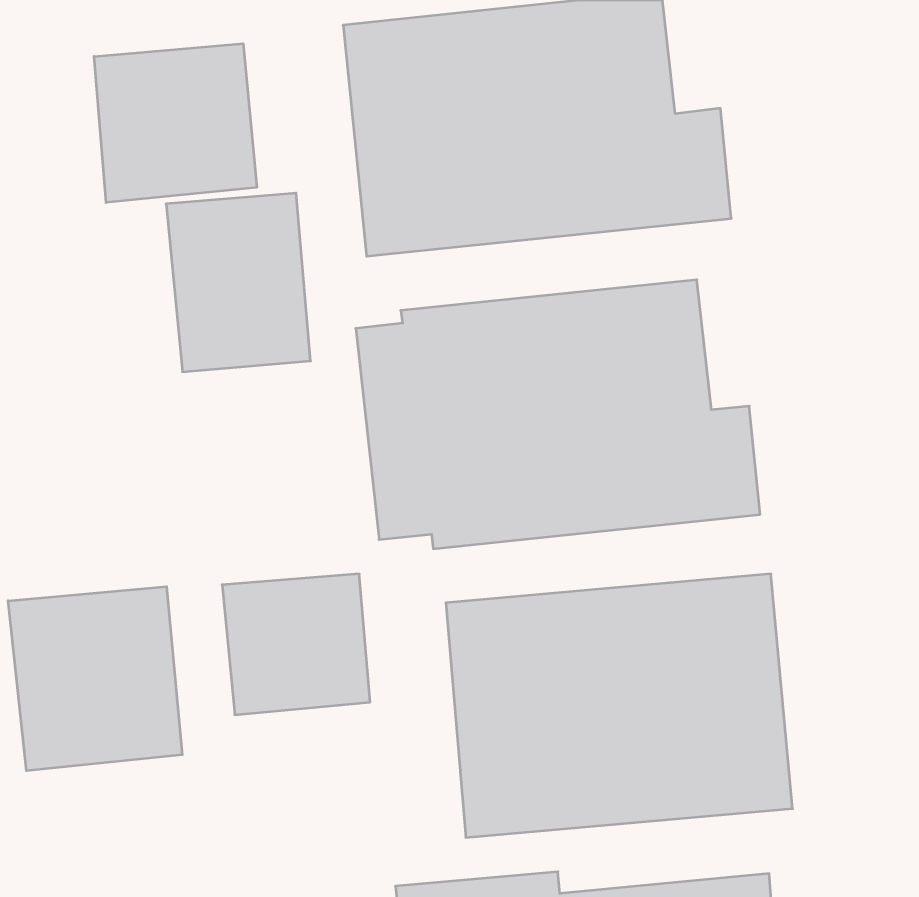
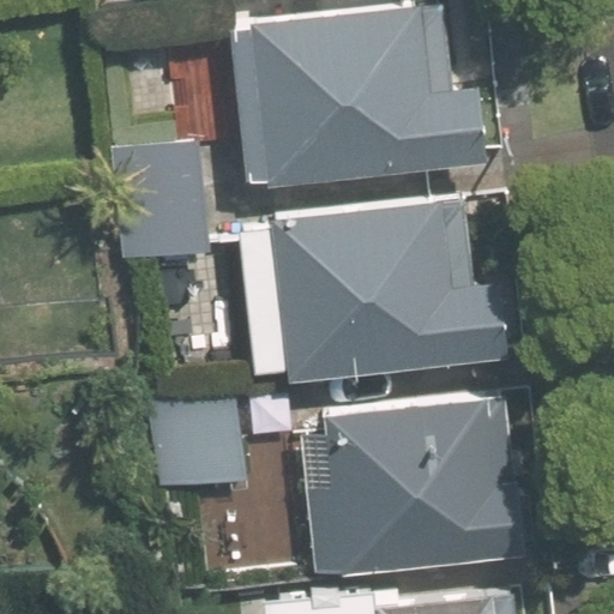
building: [94,44,257,203] -> none
building: [8,587,182,771] -> none

